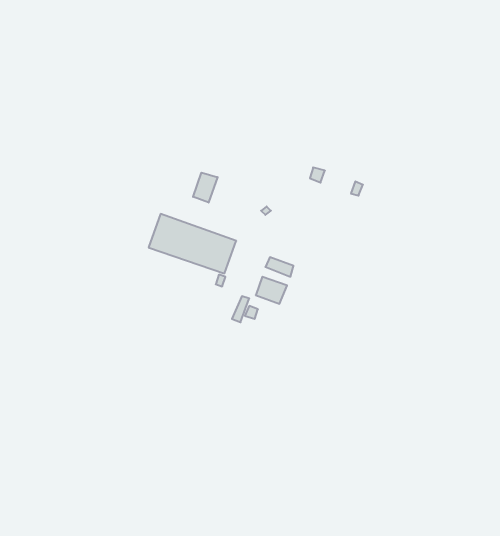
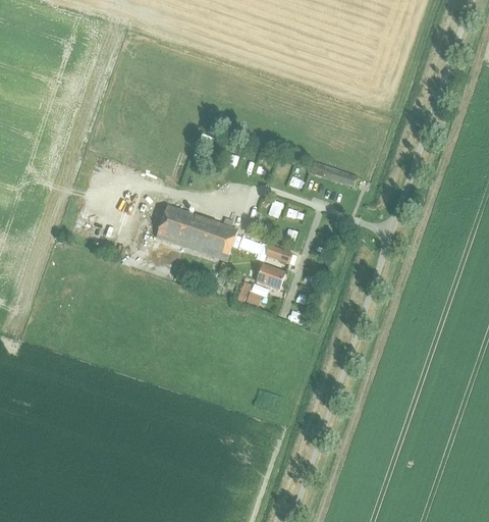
building: [193,173,218,203] -> none

